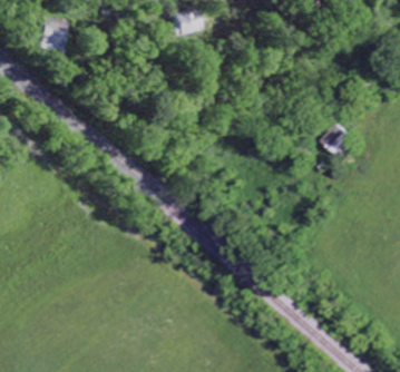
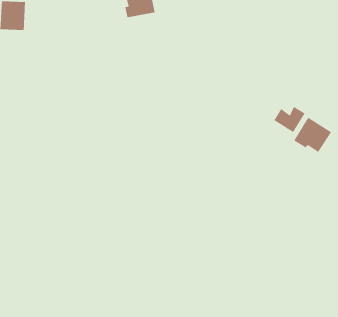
building: none -> [294,117,332,153]

